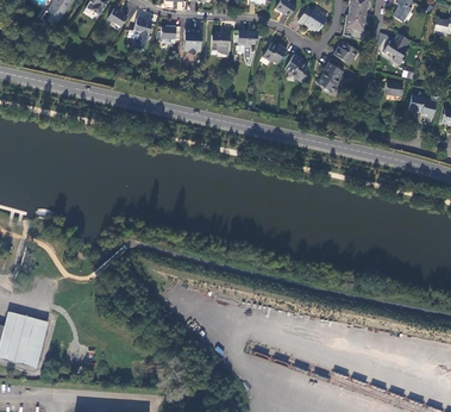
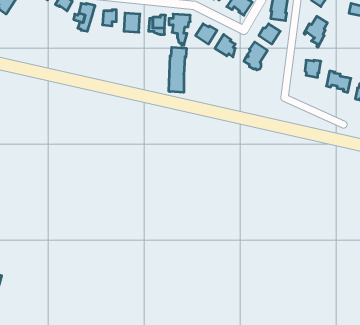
building: none -> [169,47,186,92]

